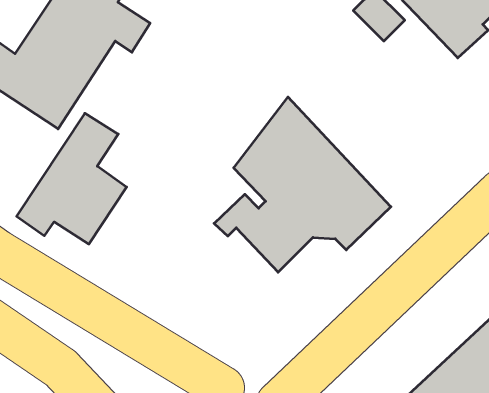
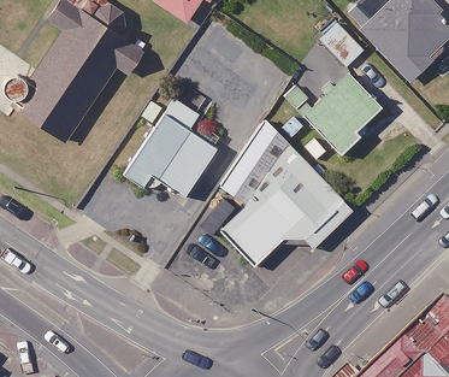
building: none -> [283,55,382,154]
building: [17,113,127,244] -> [124,84,219,198]

